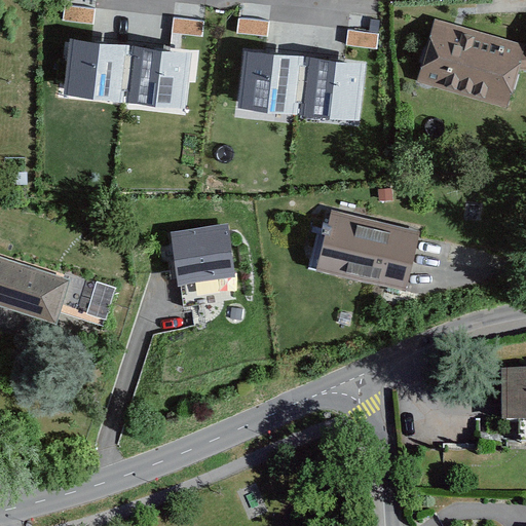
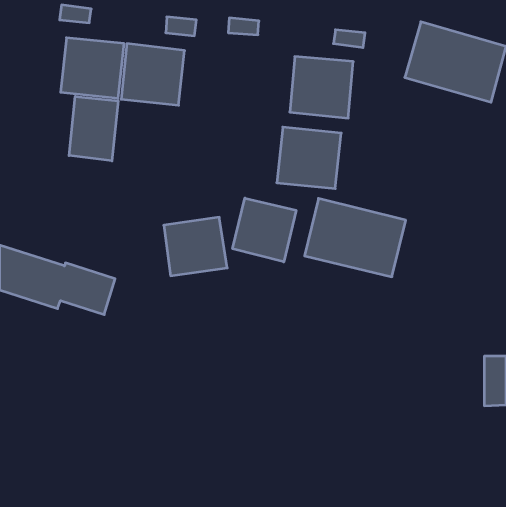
building: [236,51,303,115] -> [277,127,341,189]
building: none -> [69,96,118,161]
building: none -> [233,198,296,262]

